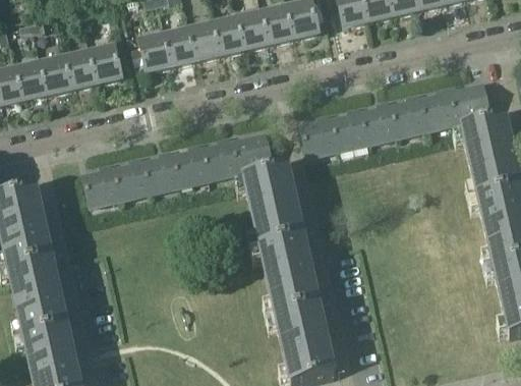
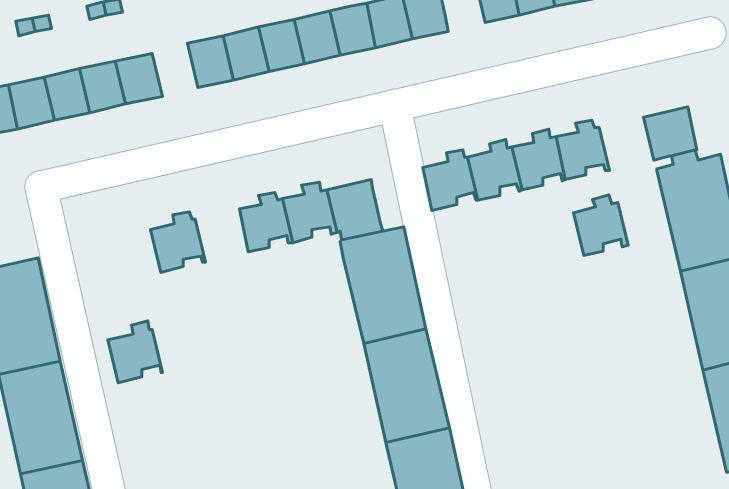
building: [422,86,460,127] -> [573,195,628,256]
building: [144,149,181,190] -> none
building: [83,162,121,205] -> [108,321,163,383]

